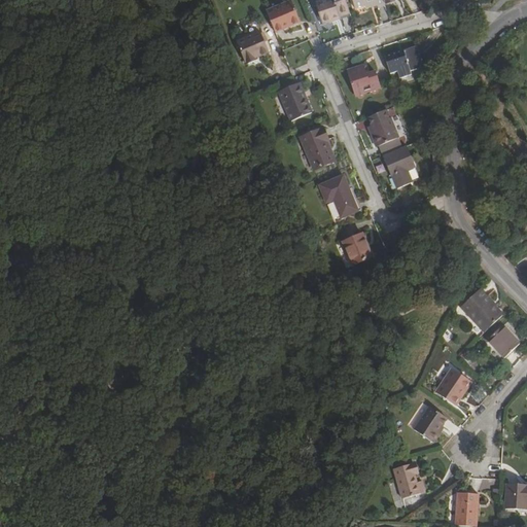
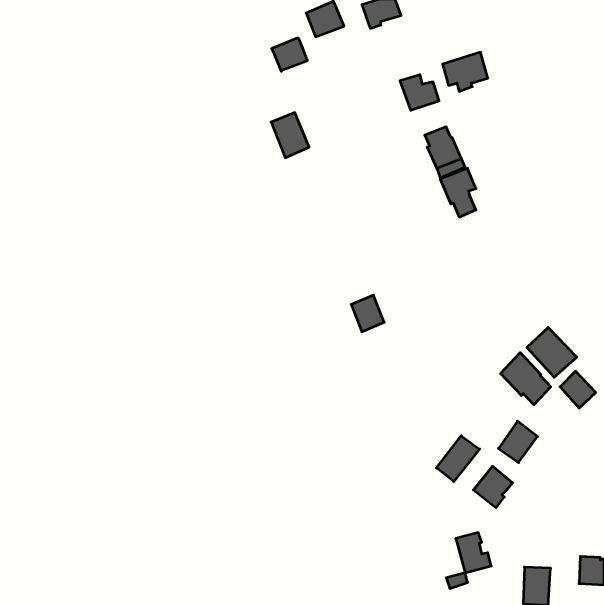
building: [279,82,312,121] -> [271,113,309,158]
building: [302,127,335,168] -> none
building: [318,174,358,217] -> none
building: [343,232,372,264] -> [351,295,384,332]
building: none -> [501,353,551,405]
building: none -> [436,436,480,482]

